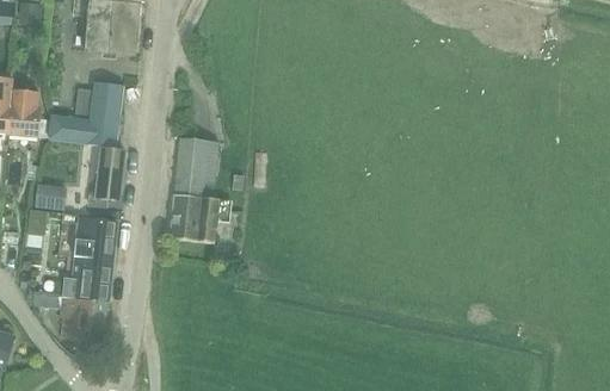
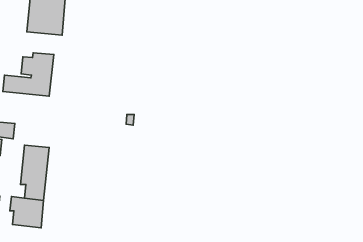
building: [168,136,218,242] -> none
building: [86,147,124,206] -> none

